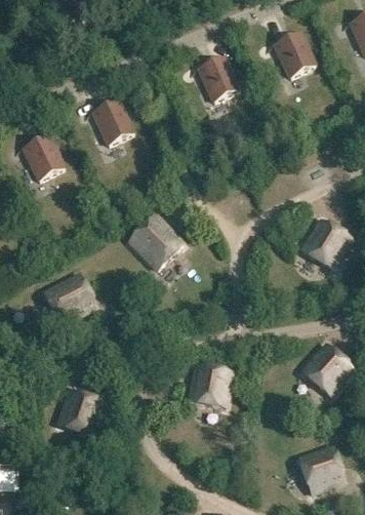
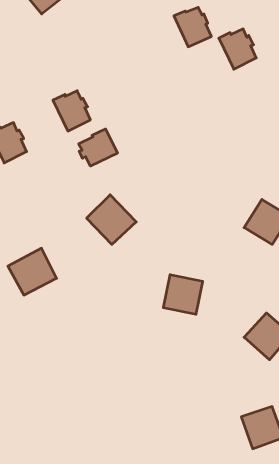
building: [197,56,238,100] -> [174,7,211,47]
building: none -> [79,129,117,166]
building: [188,363,231,406] -> [163,275,203,314]
building: [56,389,104,435] -> none

